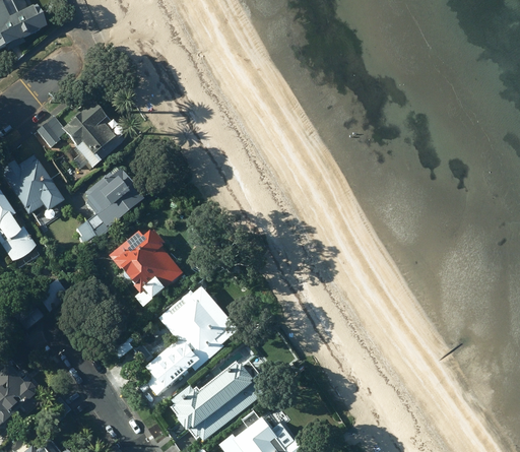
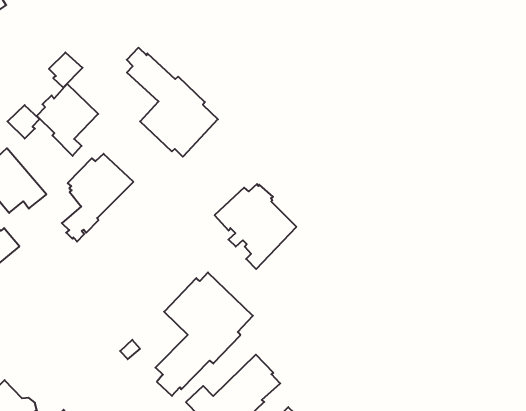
building: none -> [49,52,83,88]
building: none -> [127,48,218,157]
building: [111,229,184,306] -> [215,184,296,269]

